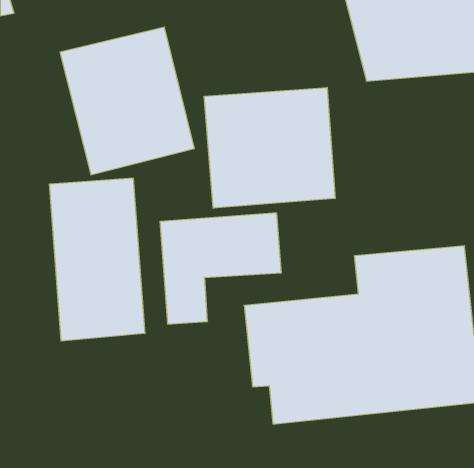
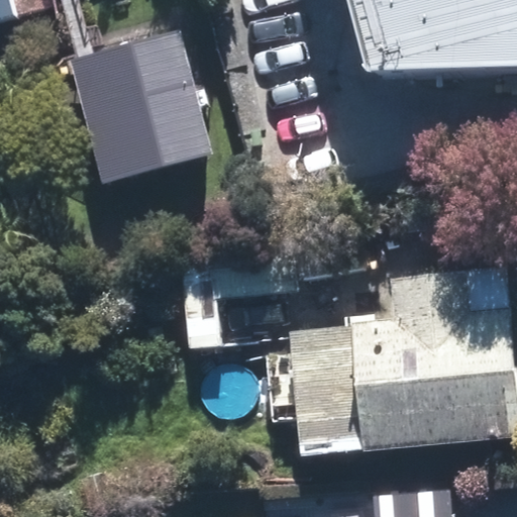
building: [204,87,335,208] -> none
building: [50,178,145,341] -> none

